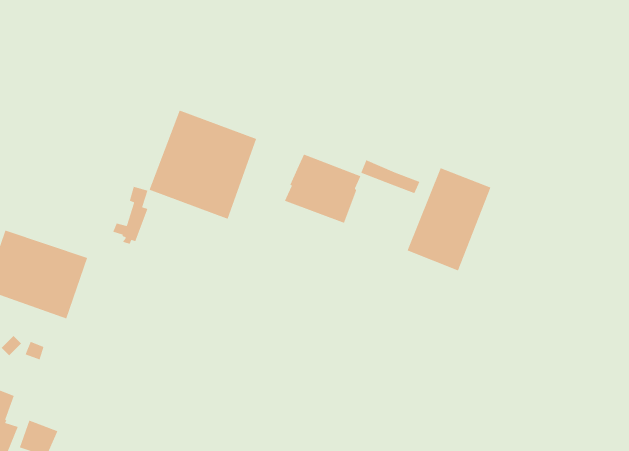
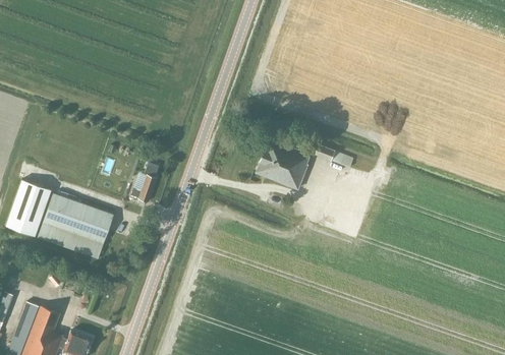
building: [149,110,257,220] -> none
building: [406,167,491,272] -> none

